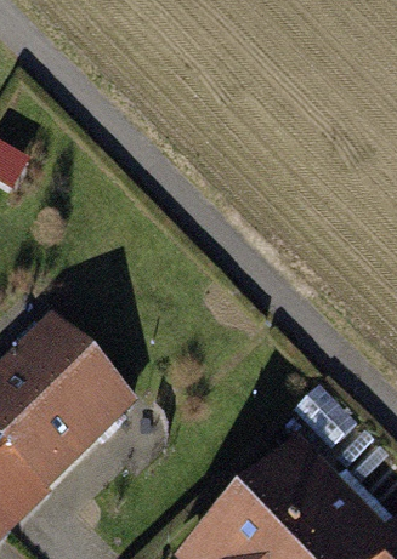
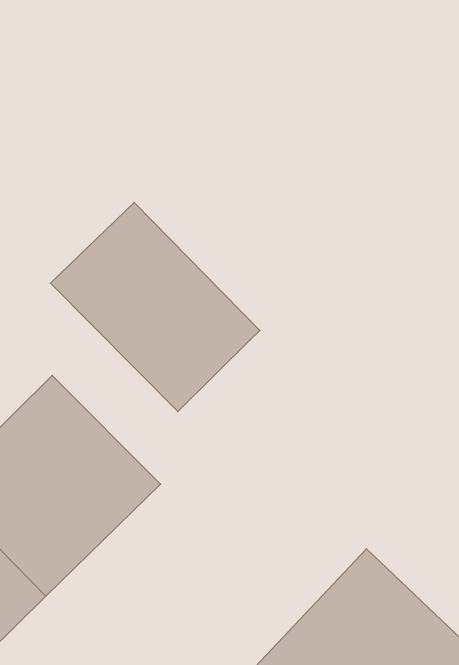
building: none -> [50,202,260,412]

